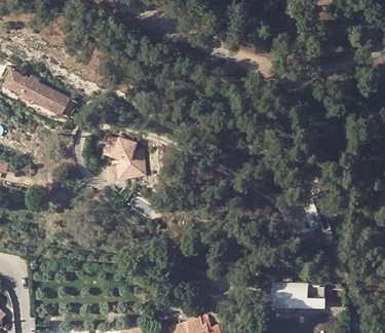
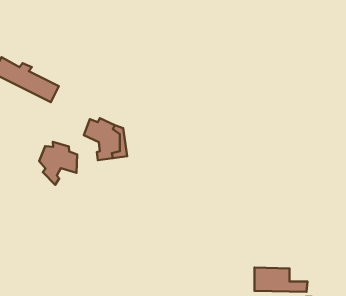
building: none -> [39,142,77,185]

